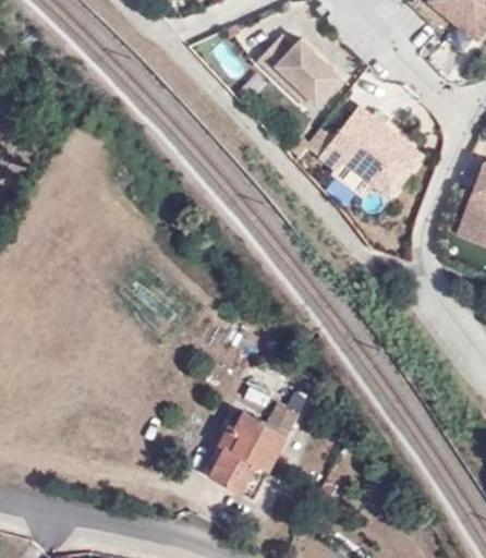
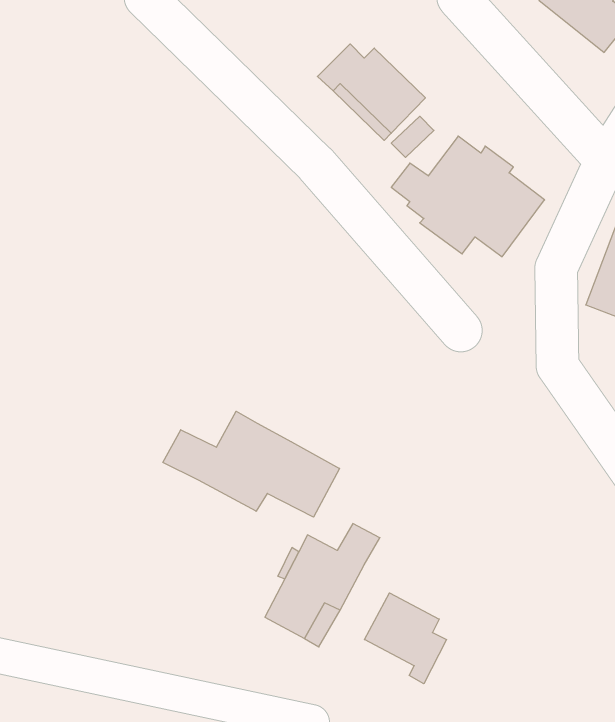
building: none -> [163,411,340,517]
building: none -> [364,593,447,684]

